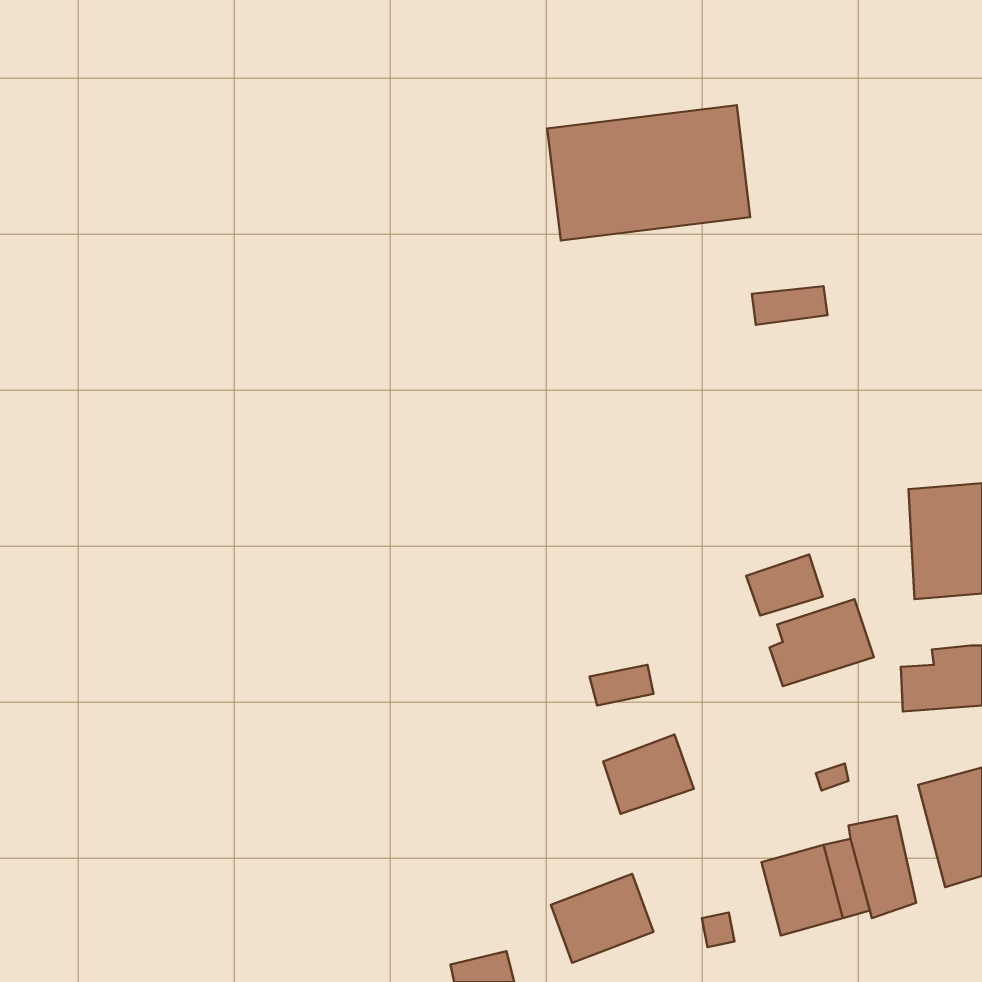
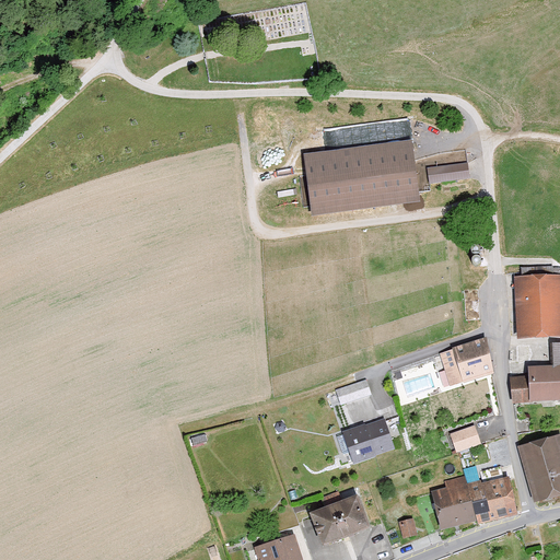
building: [547,105,750,240] -> [304,139,419,215]
building: [746,555,823,616] -> none

